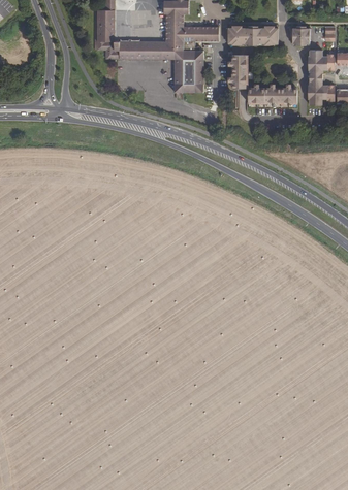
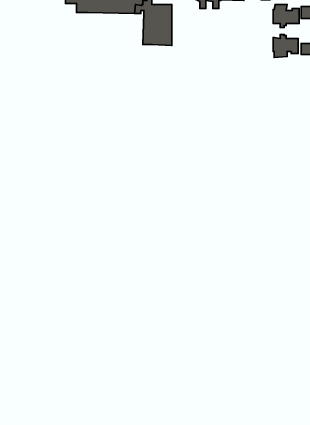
building: [228,54,296,107] -> none

